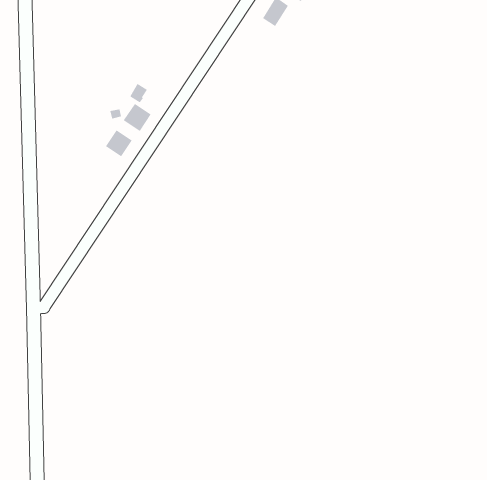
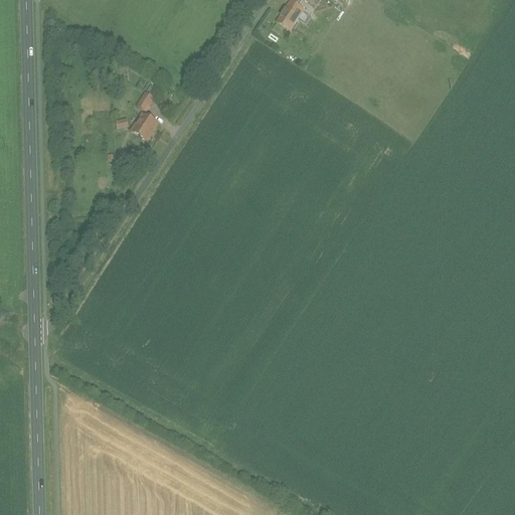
building: [105,129,133,157] -> none

